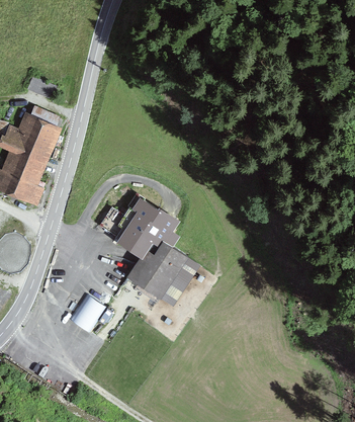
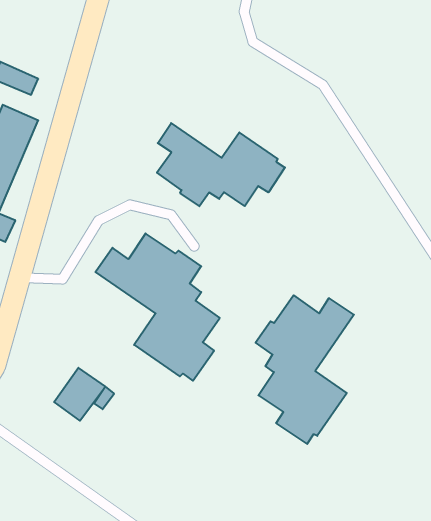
building: none -> [157,123,285,206]
building: none -> [256,295,354,444]

